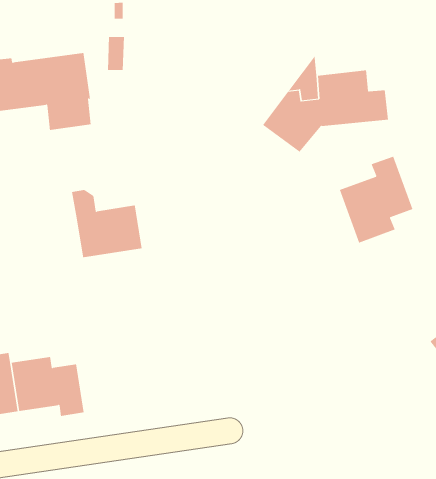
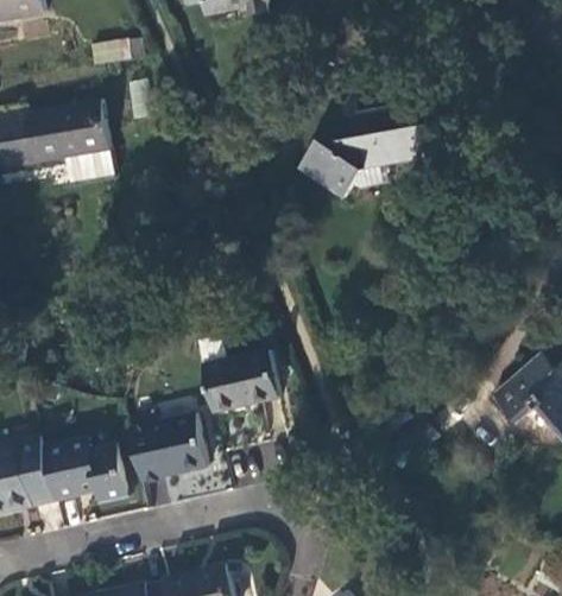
building: [339,156,413,243] -> none
building: [71,190,142,258] -> [198,336,279,410]
building: none -> [130,412,208,478]

